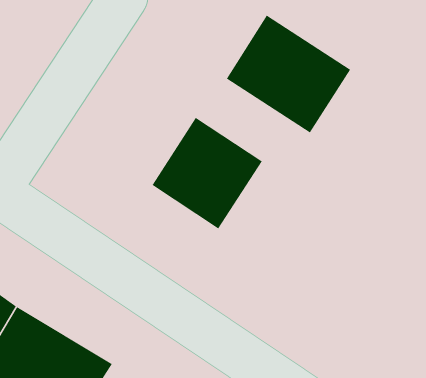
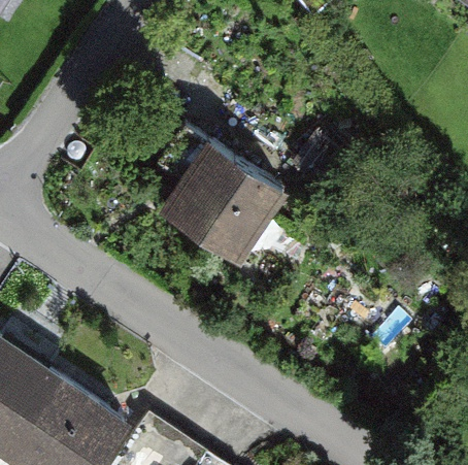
building: [226,15,351,134] -> none

